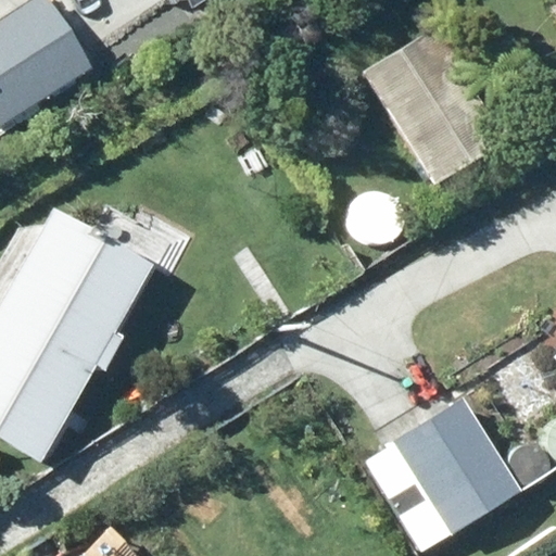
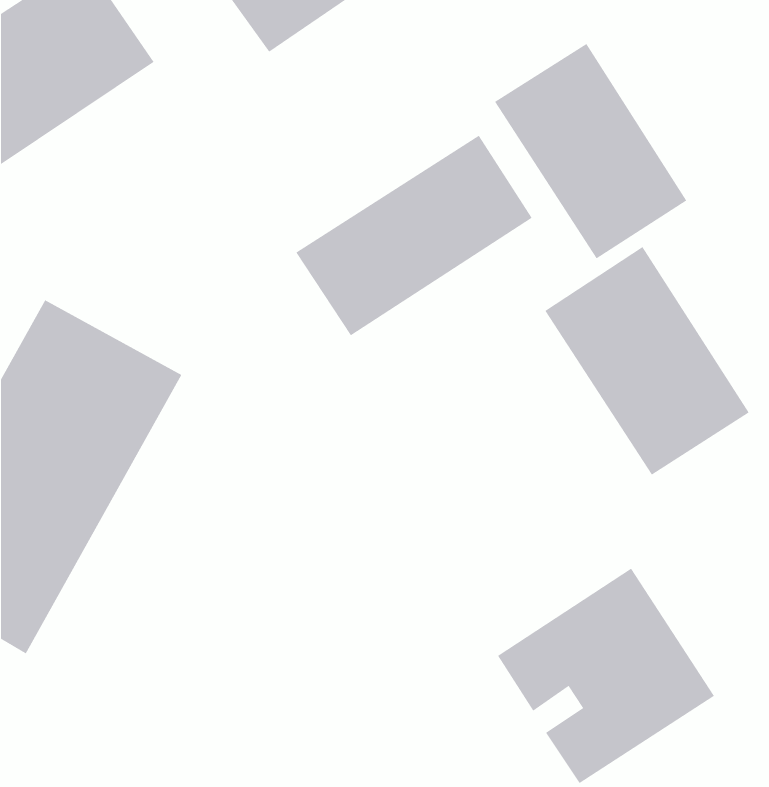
building: none -> [296,135,532,336]
building: none -> [544,246,749,475]

